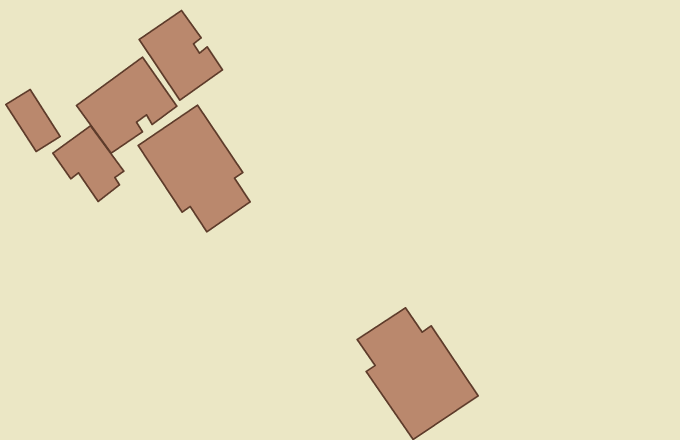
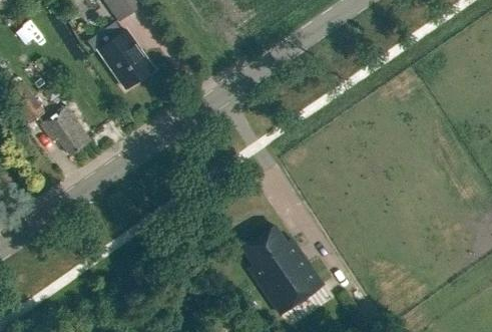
building: [77,57,177,153] -> none
building: [138,105,250,232] -> none

